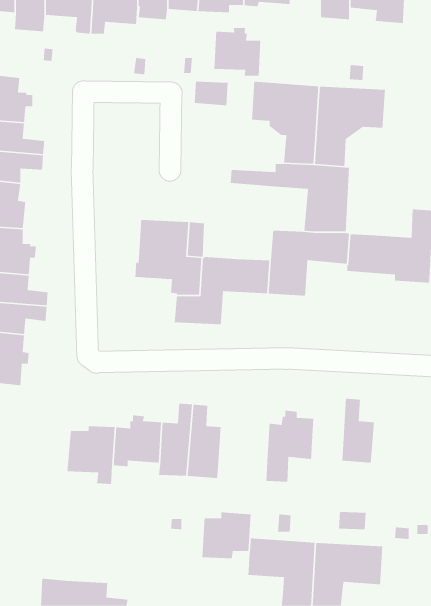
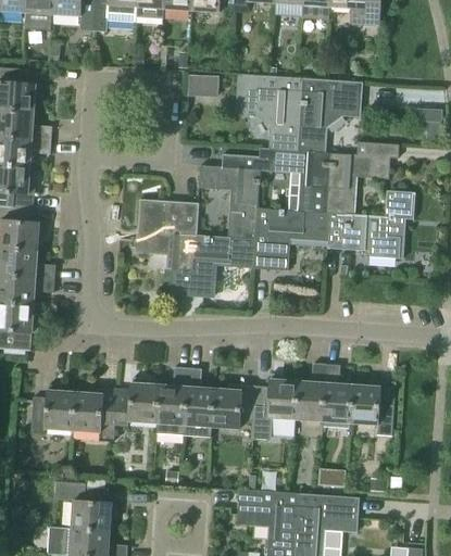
building: [214,27,261,77] -> none
building: none -> [326,142,398,214]
building: none -> [197,166,261,237]
building: none -> [295,363,325,420]
building: none -> [349,380,393,435]
building: none -> [30,384,74,433]
building: [201,511,251,559] -> [210,383,255,427]
building: none -> [53,481,116,531]

